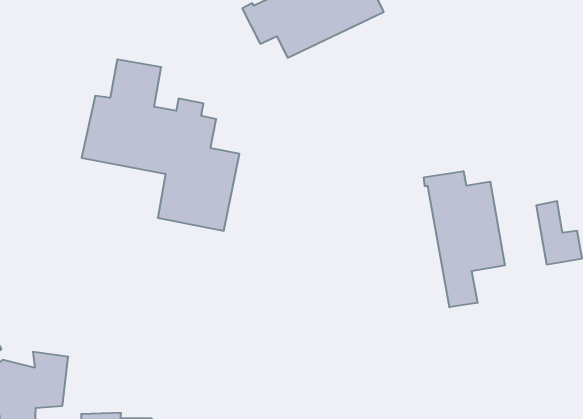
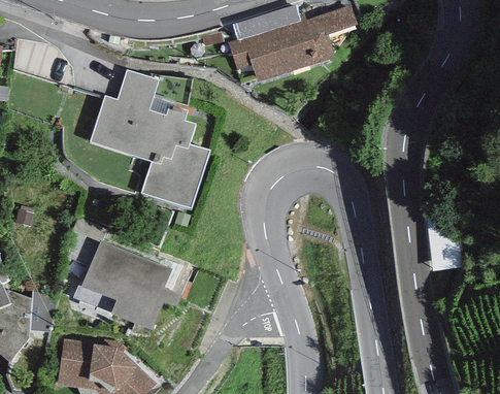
building: [424,171,505,307] -> none
building: none -> [80,237,181,332]

